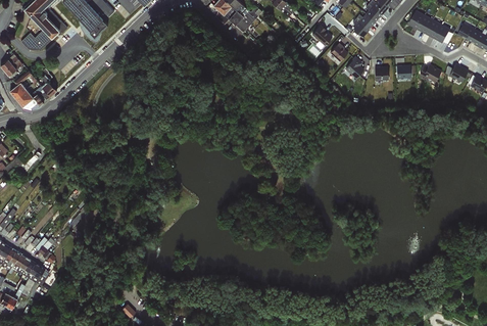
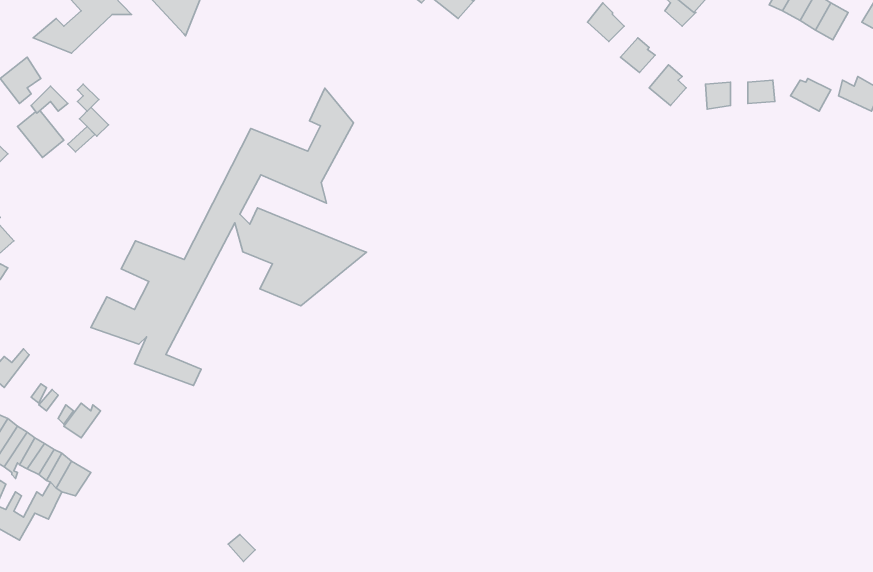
building: none -> [91,88,366,385]

